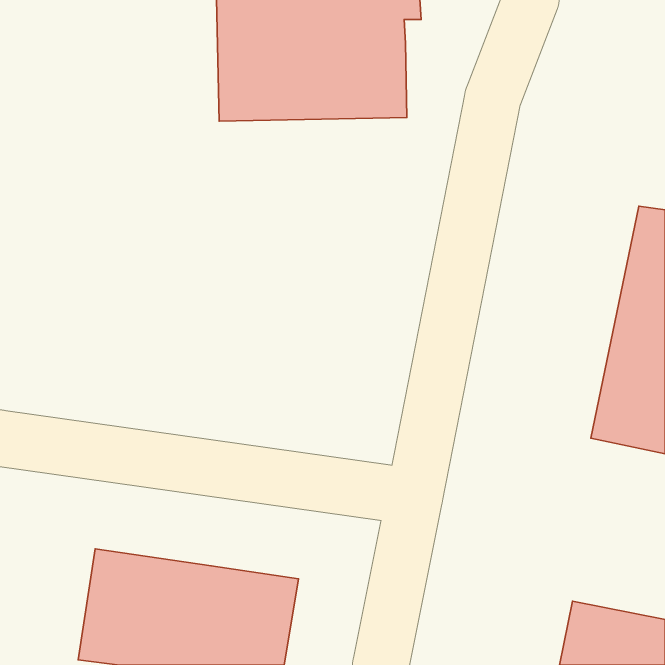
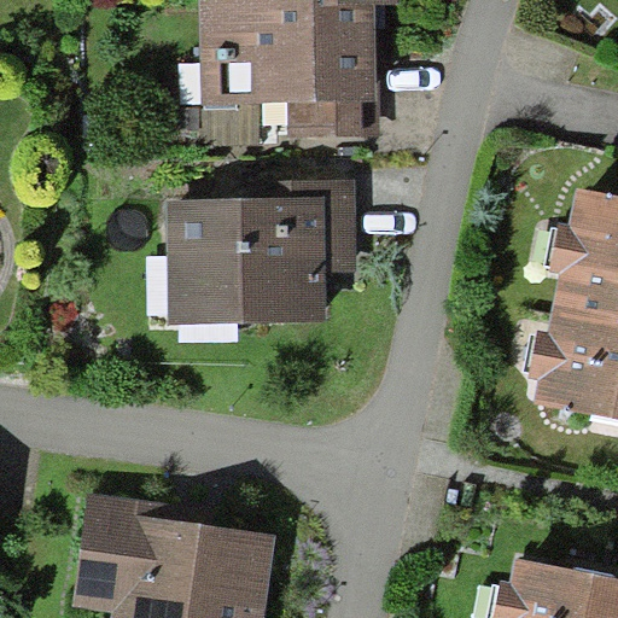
building: none -> [163,188,355,337]

